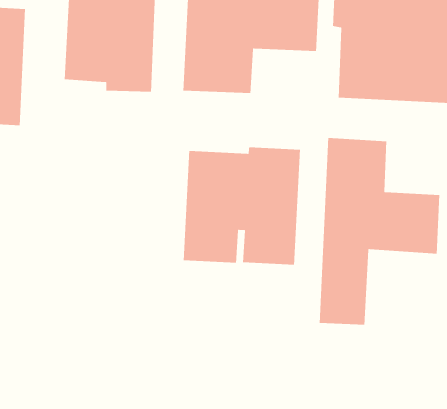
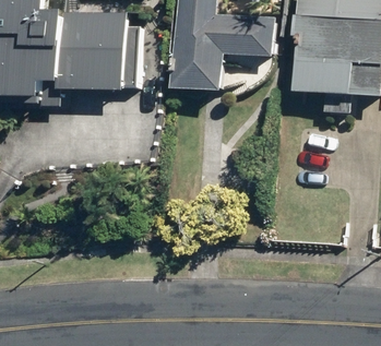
building: [319,137,440,326] -> none
building: [183,146,301,265] -> none

